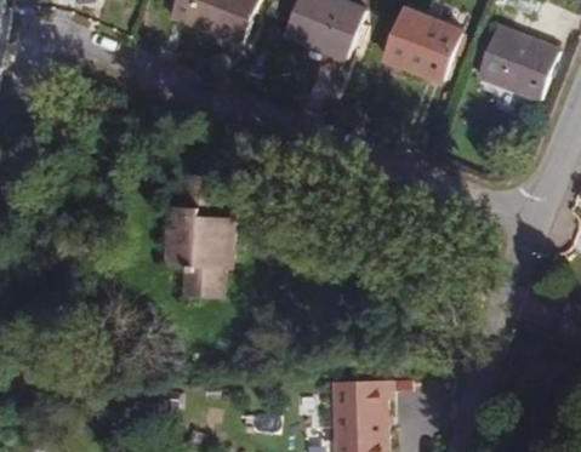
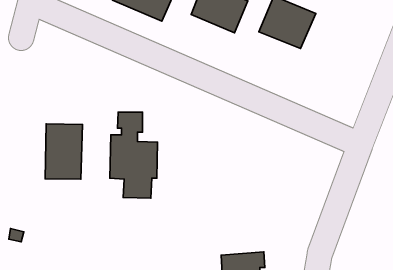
building: [478,24,560,102] -> none
building: none -> [45,124,83,179]

